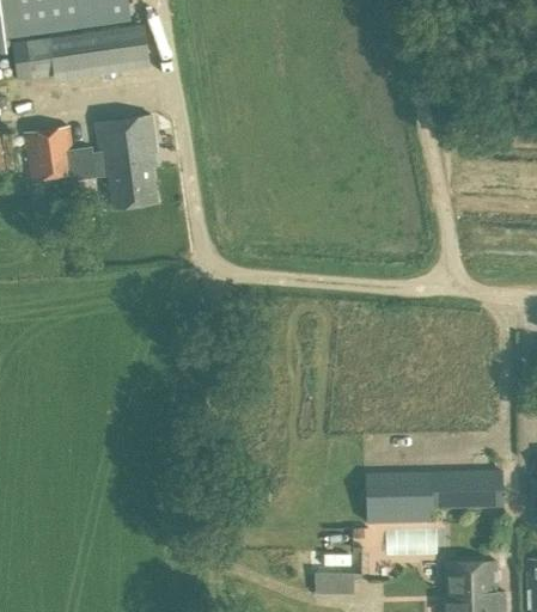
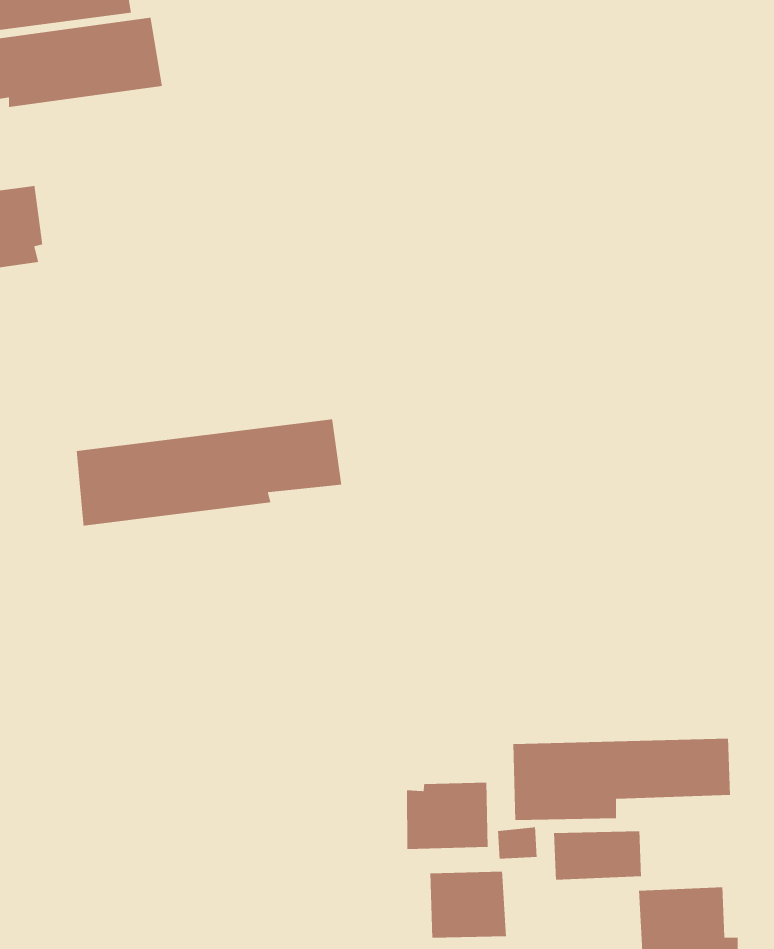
building: [69,117,158,209] -> none
building: none -> [76,418,342,527]
building: none -> [406,782,489,850]

